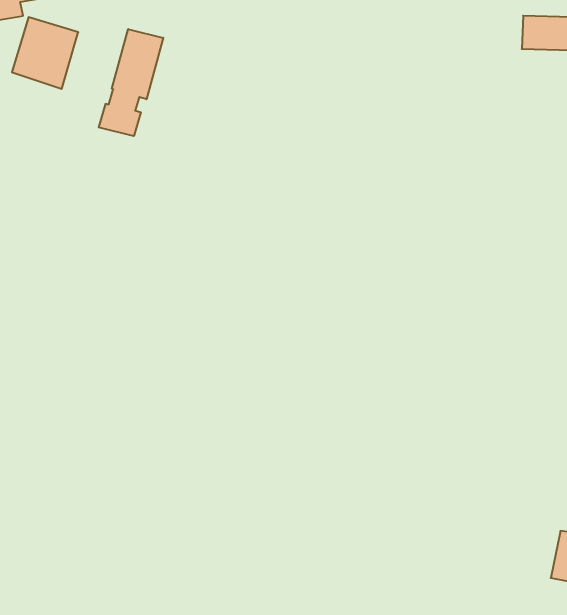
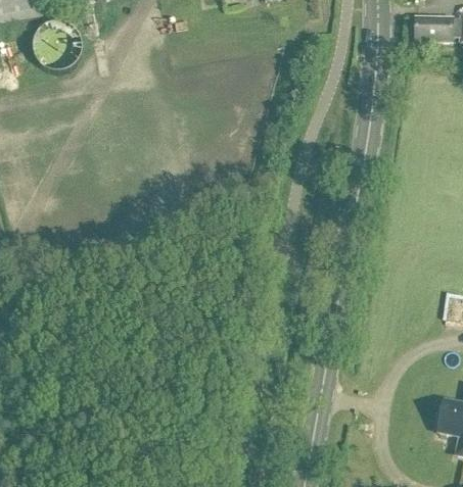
building: [99,29,163,136] -> none

